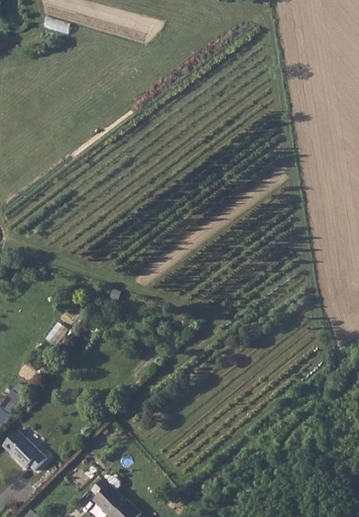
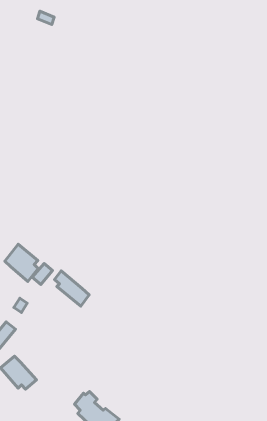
building: none -> [5,244,38,282]
building: none -> [54,271,89,306]

